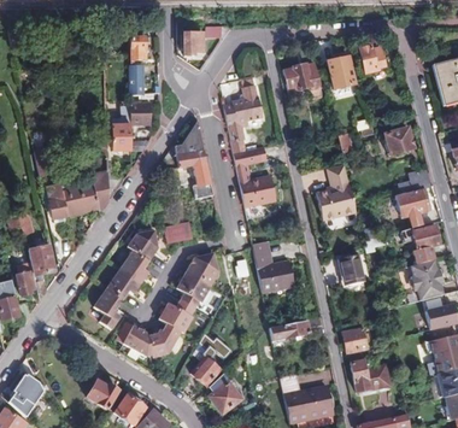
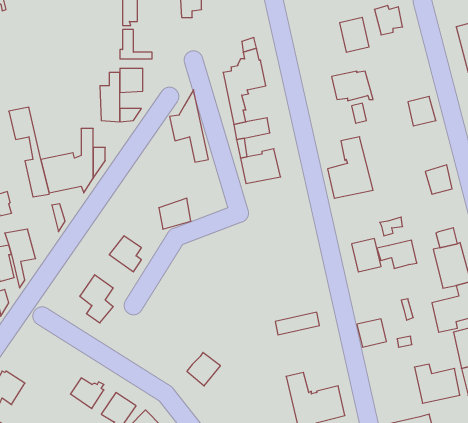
building: [283,63,321,89] -> [332,71,373,101]
building: [401,223,438,248] -> [377,240,417,268]
building: [128,230,160,263] -> none
building: [252,239,294,293] -> none
building: [125,252,218,358] -> none
building: [107,269,142,299] -> none
building: [350,357,391,392] -> [414,364,460,403]
building: [210,374,242,414] -> none

